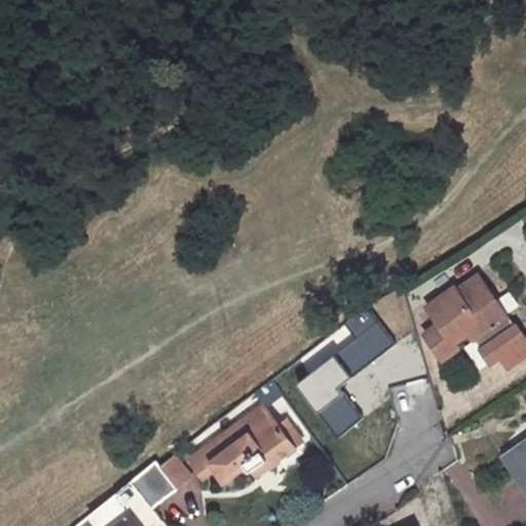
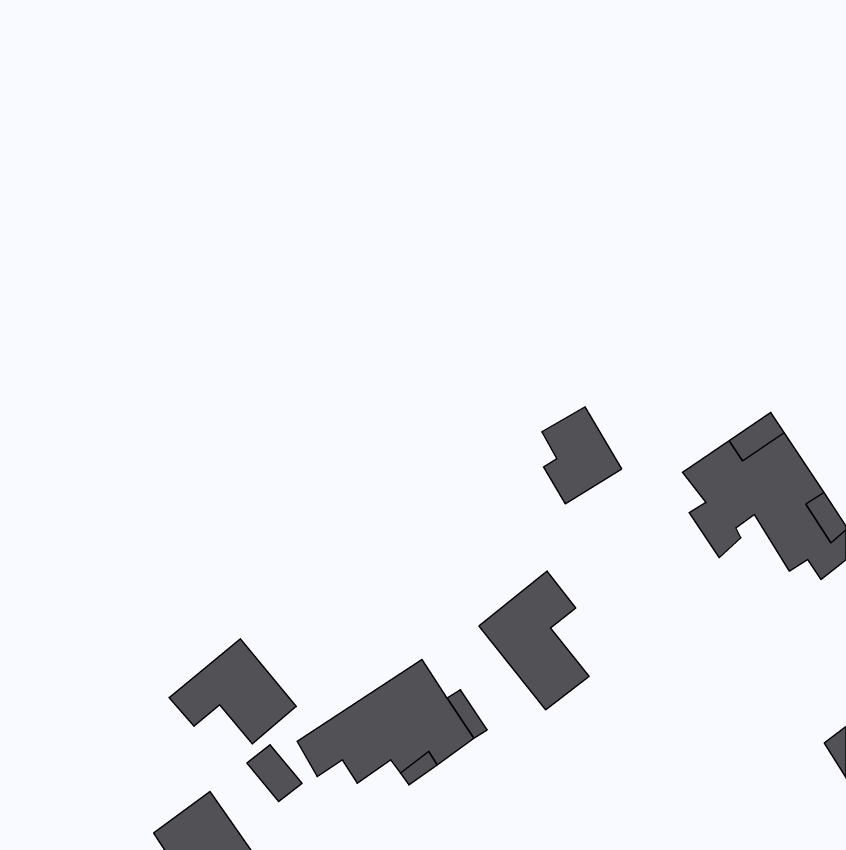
building: [344,309,393,369] -> [542,407,622,504]
building: none -> [169,639,296,744]
building: [129,472,172,515] -> none

